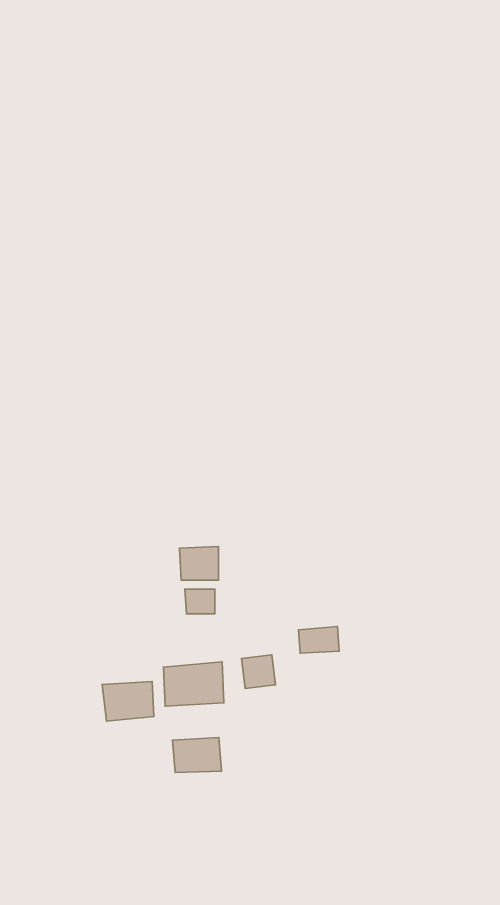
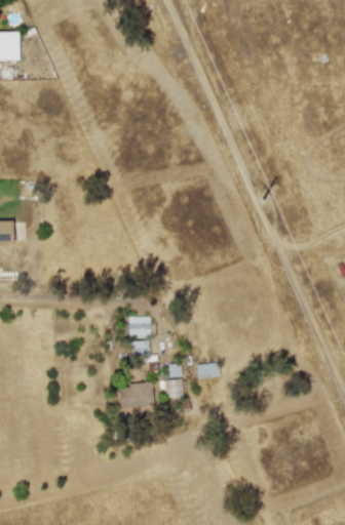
building: [102,681,154,721] -> none
building: [173,737,221,773] -> none

